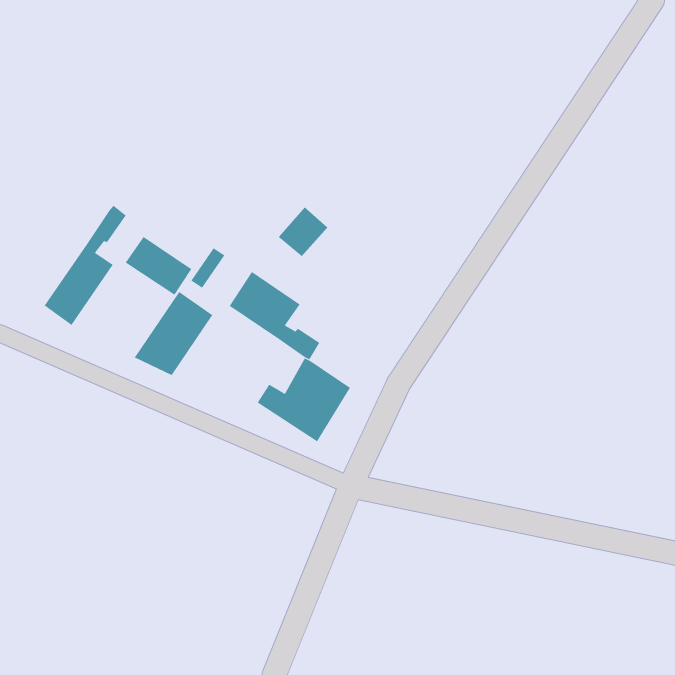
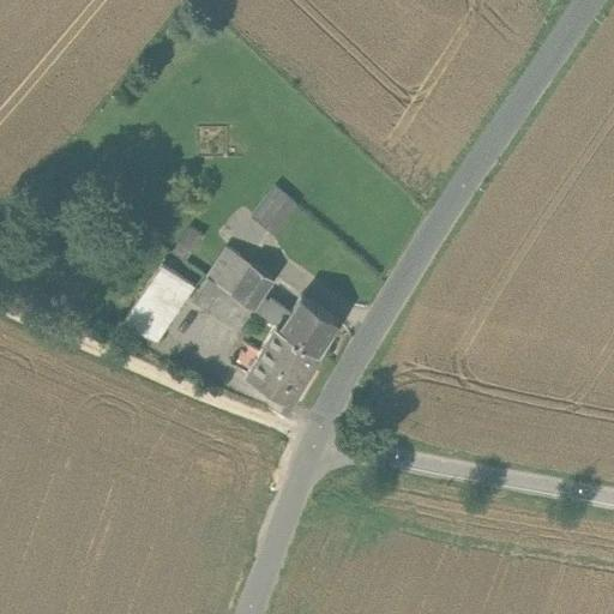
building: [44,205,126,326] -> none
building: [125,236,192,296] -> [192,278,253,332]
building: none -> [282,296,338,353]

